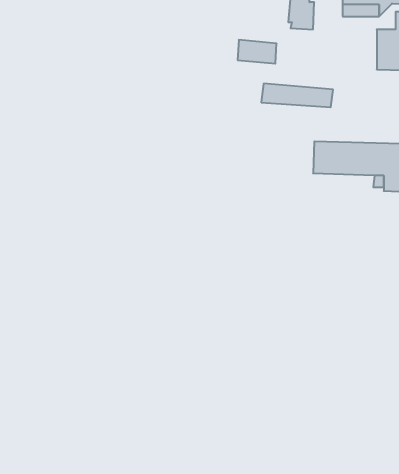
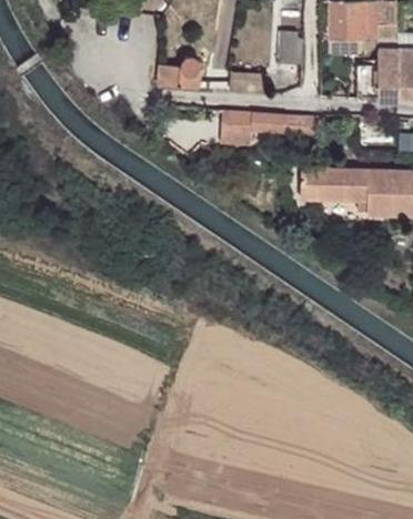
building: none -> [157,57,205,89]
building: none -> [220,111,253,145]

